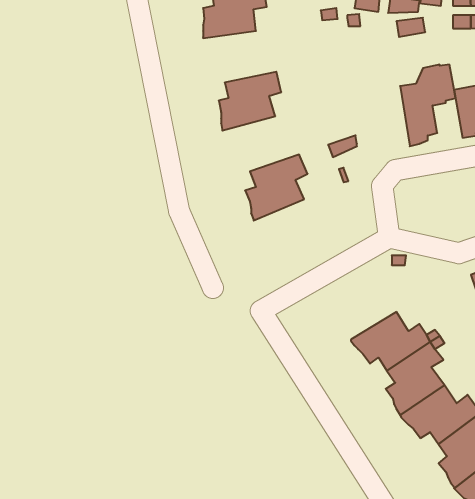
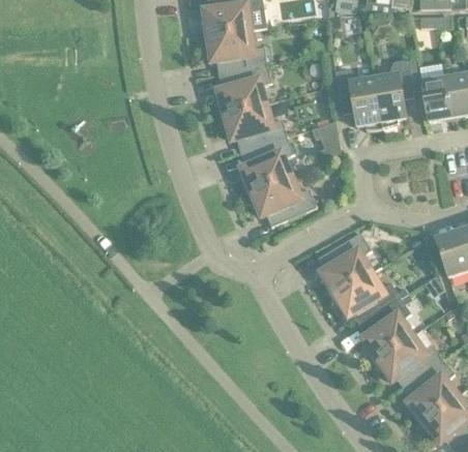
building: none -> [203,29,266,73]
building: none -> [333,68,381,129]
building: none -> [220,102,286,150]
building: none -> [246,174,316,223]
building: none -> [320,232,370,295]

